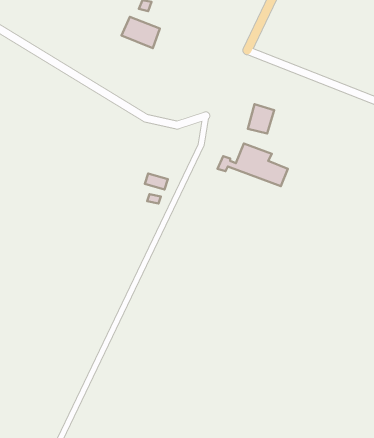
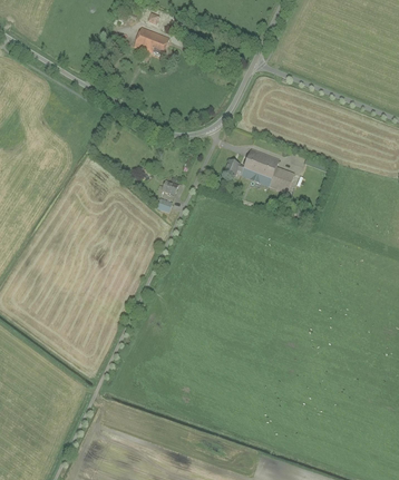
building: [248,104,274,134] -> none

